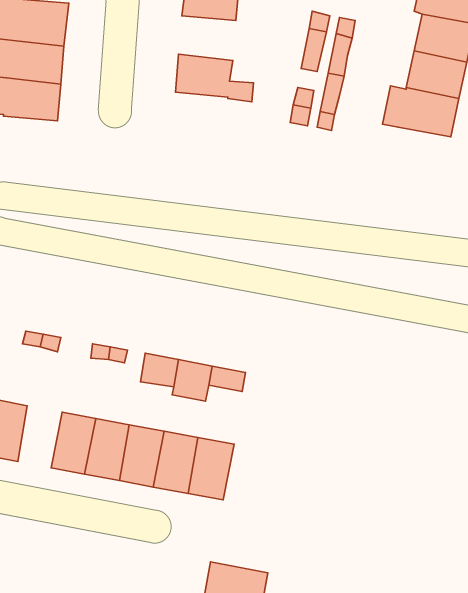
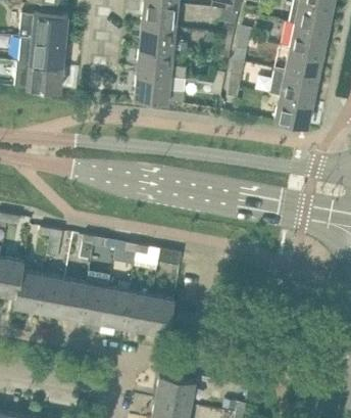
building: none -> [139,26,188,55]
building: none -> [134,75,185,105]
building: none -> [274,97,313,129]
building: none -> [36,276,64,316]

